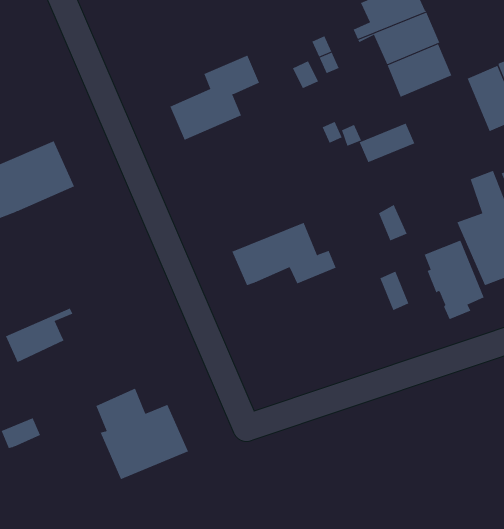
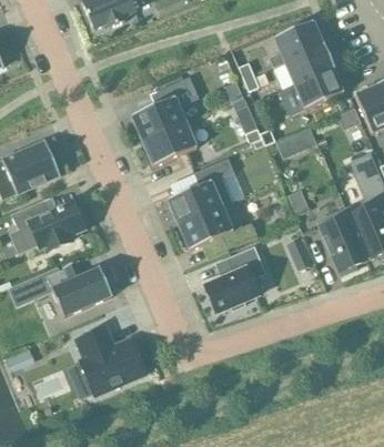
building: none -> [142,121,196,165]
building: none -> [166,156,234,223]
building: none -> [10,199,87,250]
building: none -> [204,245,265,313]
building: none -> [46,258,112,316]

